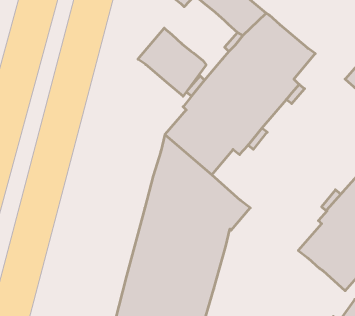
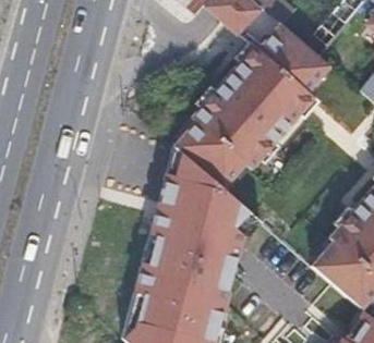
building: [138,28,206,96] -> none

